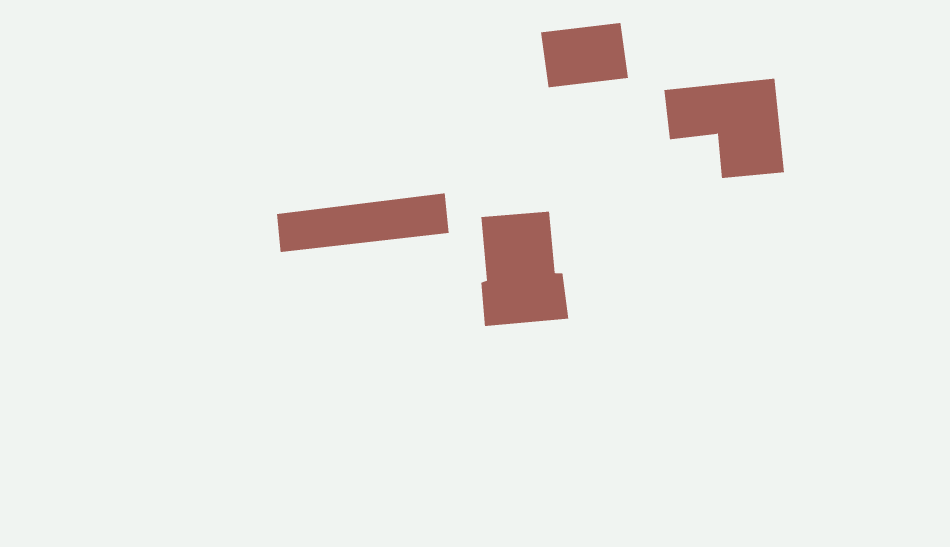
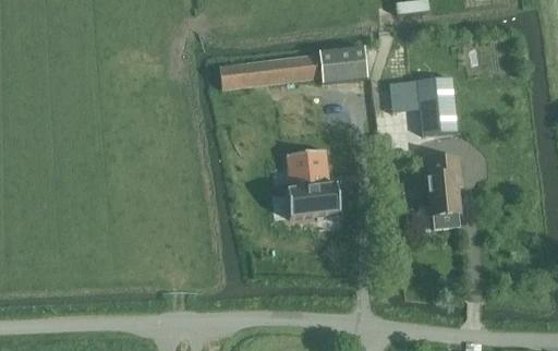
building: [276,193,449,252] -> [219,55,317,88]
building: none -> [427,157,461,228]

